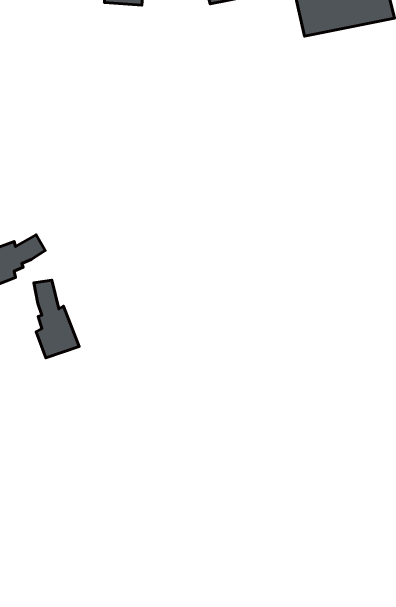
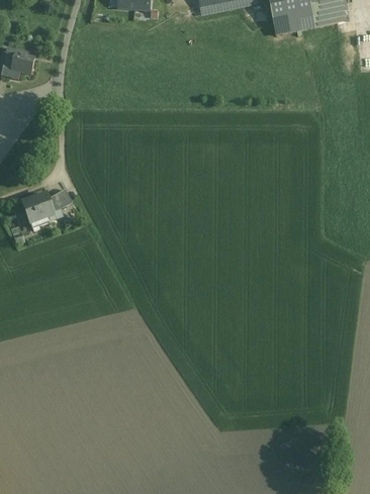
building: [34,280,79,358] -> none

